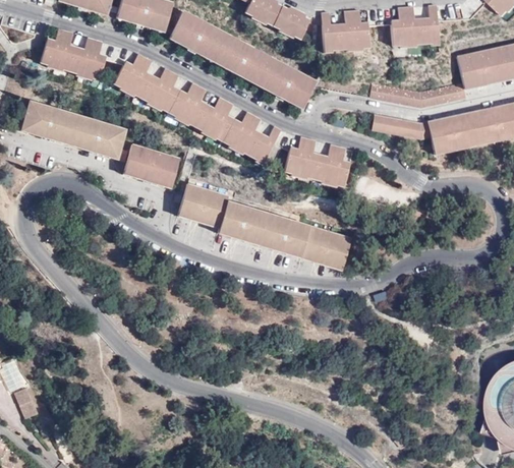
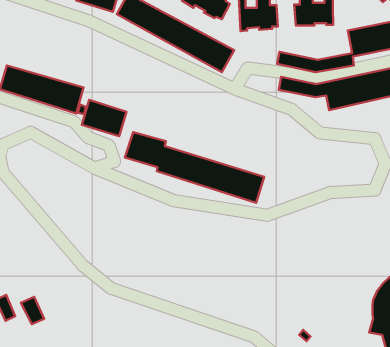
building: [40,28,107,79] -> none
building: [113,53,280,164] -> none
building: [283,135,349,186] -> none
building: none -> [21,297,44,324]

